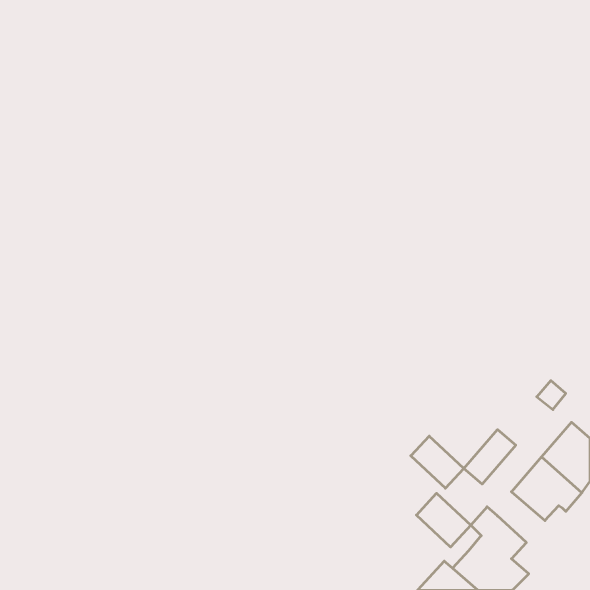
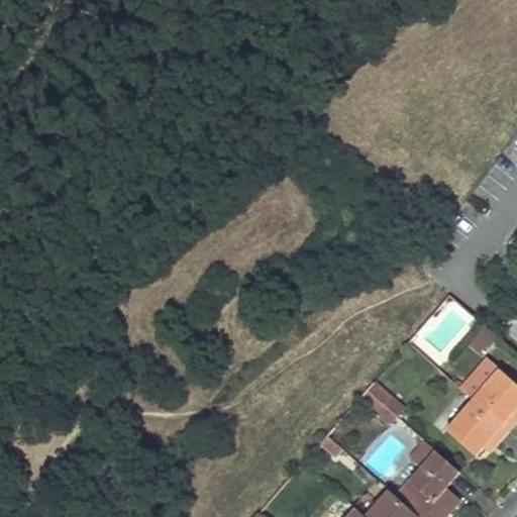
building: [464,430,516,484] -> none
building: [416,493,471,547] -> none

